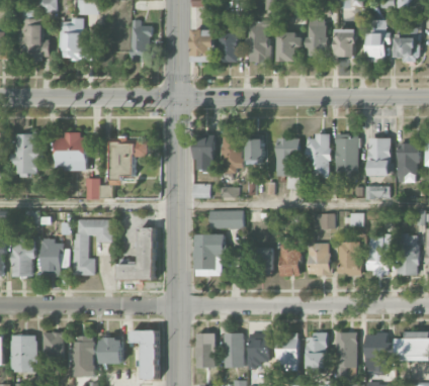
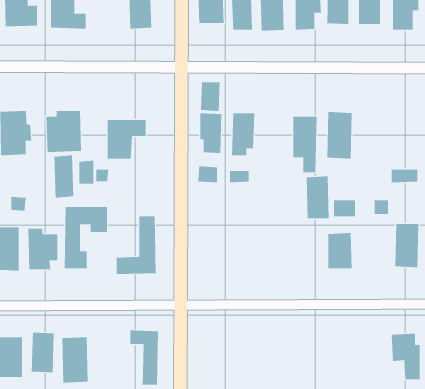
building: [335,134,358,172] -> none
building: [368,137,391,176] -> none
building: [246,138,264,165] -> [200,82,221,111]
building: none -> [54,155,74,198]
building: [208,210,243,228] -> none
building: [193,233,224,276] -> none
building: [278,237,299,276] -> [306,176,330,219]
building: [336,242,359,276] -> none
building: [255,247,271,275] -> none
building: [336,331,357,378] -> none
building: [194,332,214,368] -> none
building: [224,332,243,368] -> none
building: [276,332,298,371] -> none
building: [247,333,269,370] -> none
building: [306,333,326,372] -> none
building: [100,337,122,363] -> none

